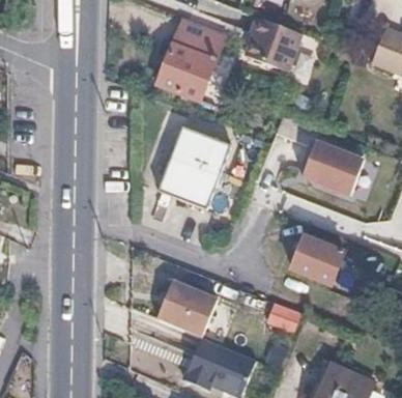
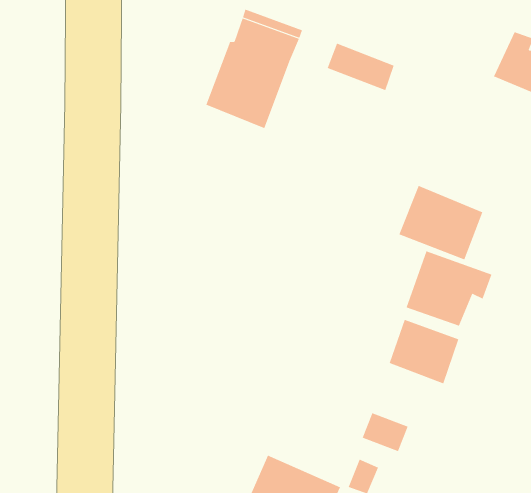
building: [253,16,304,52] -> none
building: [155,126,229,208] -> none
building: none -> [406,250,492,327]
building: [157,281,219,338] -> none

